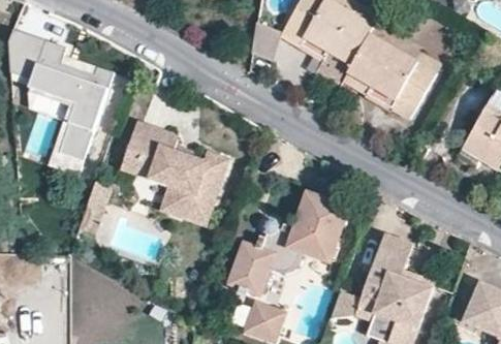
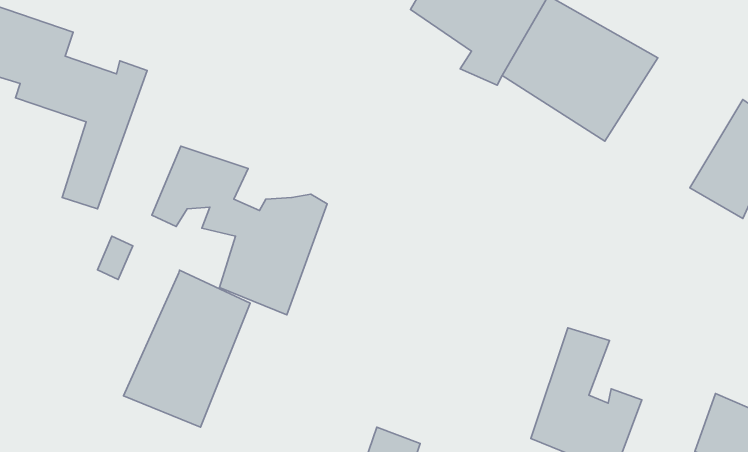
building: [233,191,346,294] -> none
building: none -> [123,270,250,427]

